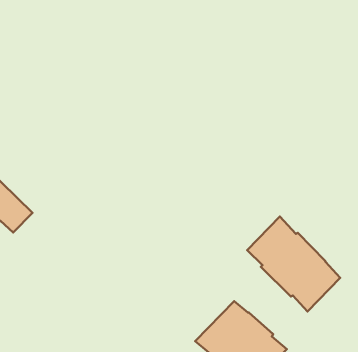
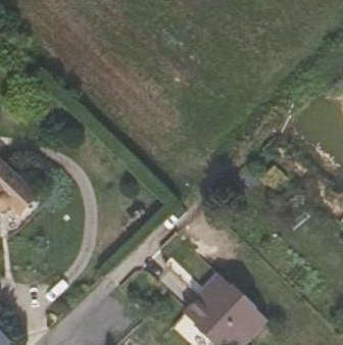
building: [247,217,340,311] -> none

